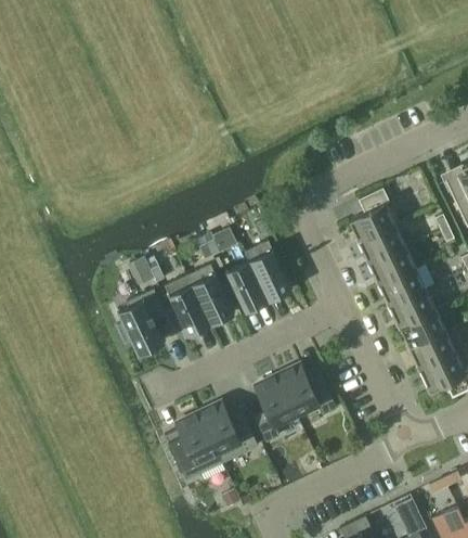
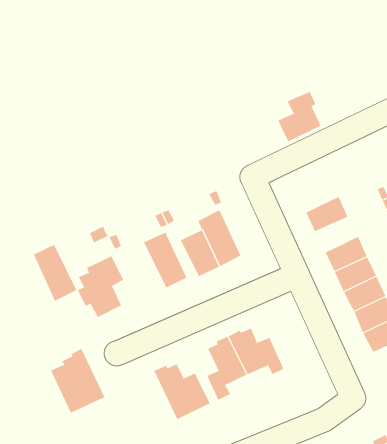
building: [349,188,395,242] -> [278,91,321,142]
building: [369,246,416,284] -> none
building: [165,273,211,334] -> [33,244,77,301]
building: [165,410,223,479] -> [50,348,105,413]

